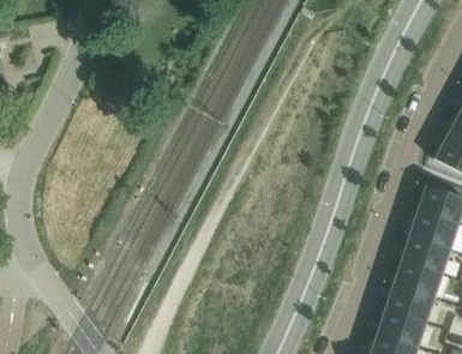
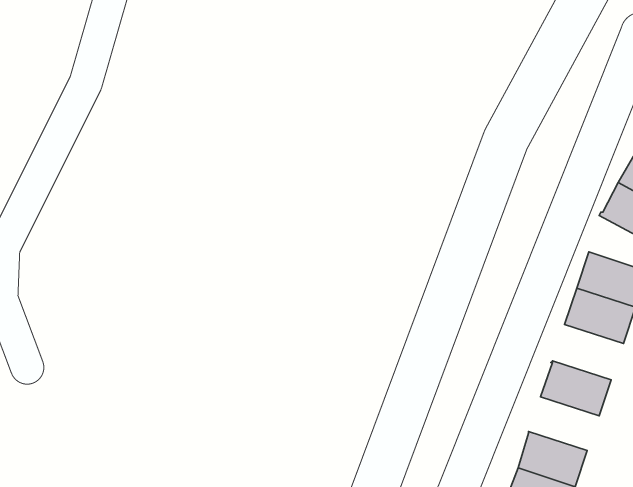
building: [401,235,450,274] -> none
building: [384,286,433,323] -> none

